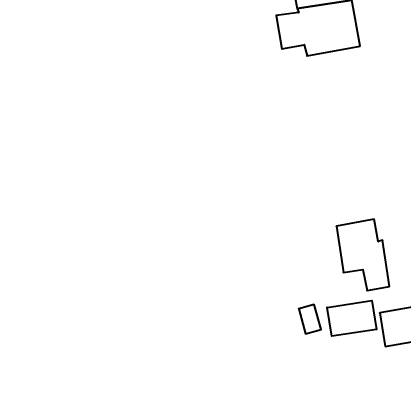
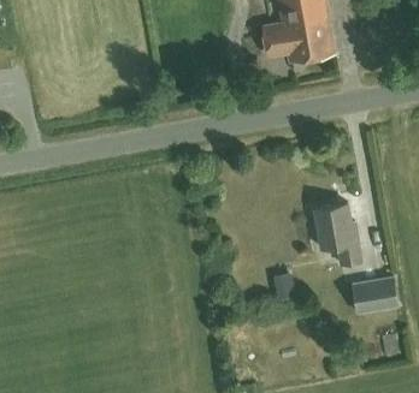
building: [327,301,377,336] -> none

